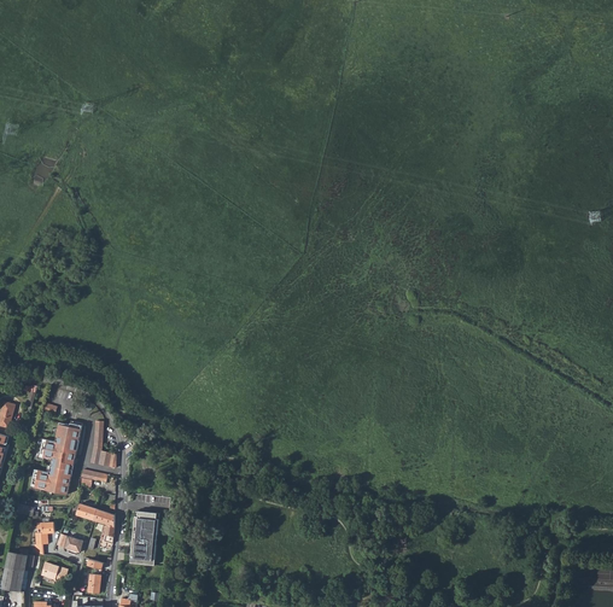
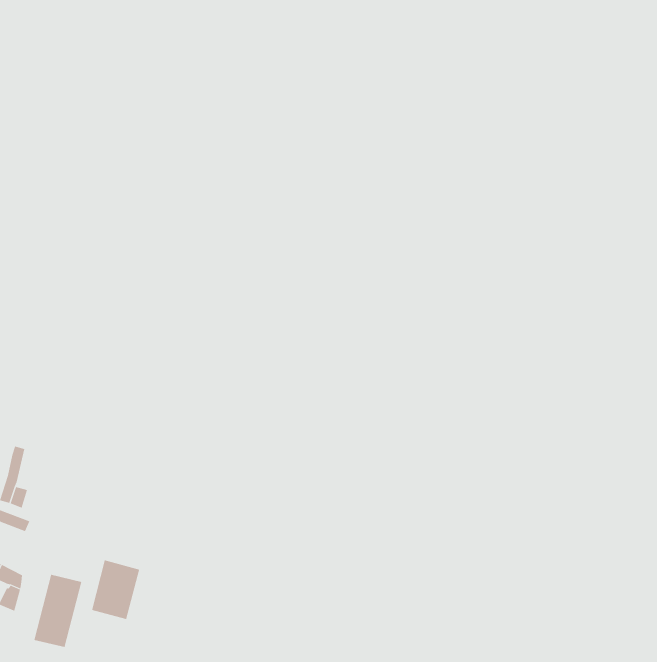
building: none -> [91,560,140,620]

